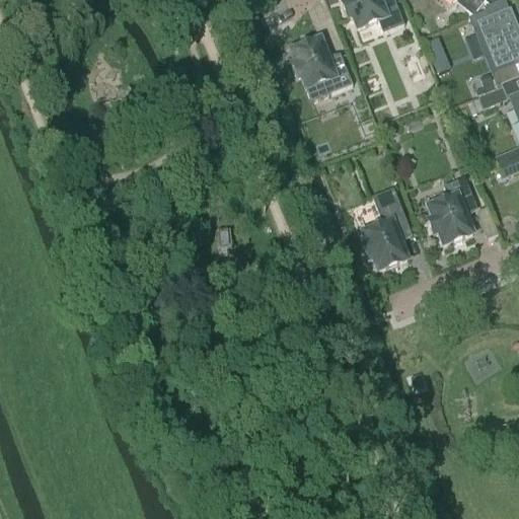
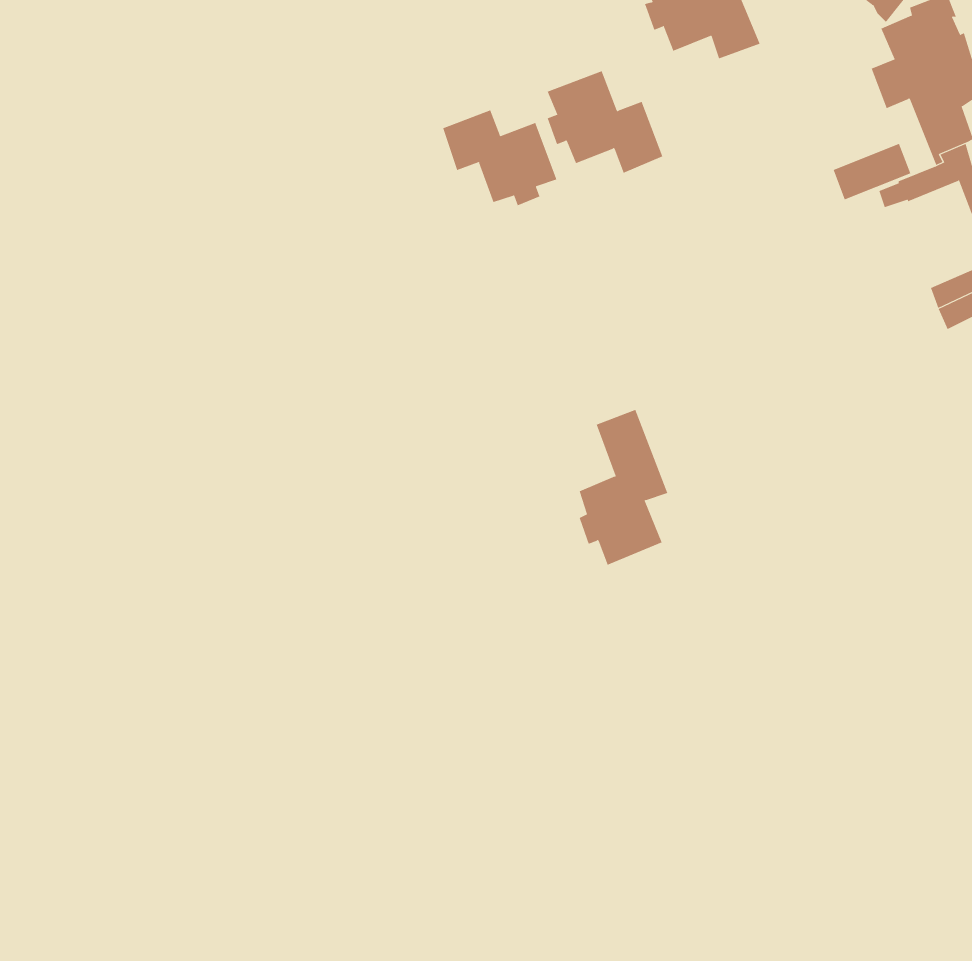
building: none -> [442,110,557,206]
building: [429,175,477,243] -> none
building: [364,187,412,270] -> [579,409,668,565]

